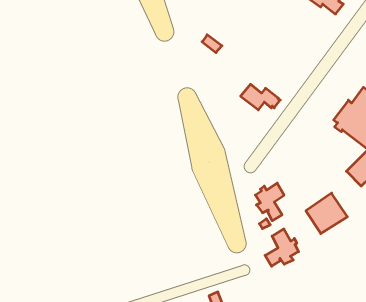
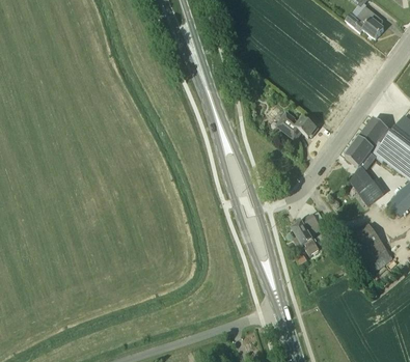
building: none -> [345,116,389,204]
building: [265,229,299,266] -> none

